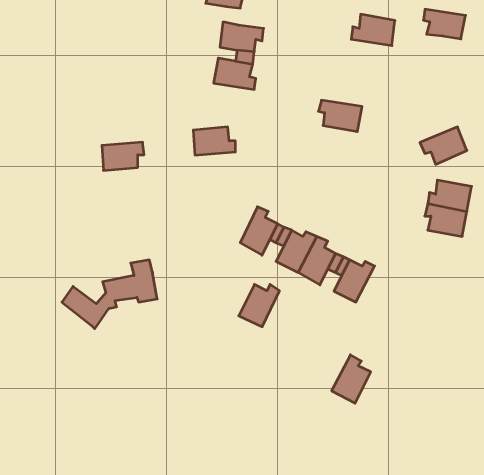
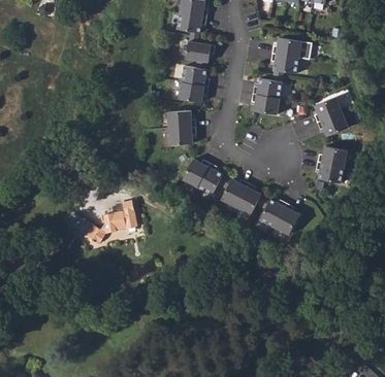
building: [423,9,466,39] -> [269,54,297,73]
building: none -> [251,78,280,98]
building: none -> [178,82,206,102]
building: none -> [313,97,341,122]
building: [102,142,144,170] -> [167,128,195,146]
building: [239,284,279,327] -> [182,160,208,187]
building: [332,355,371,403] -> [274,203,299,235]

